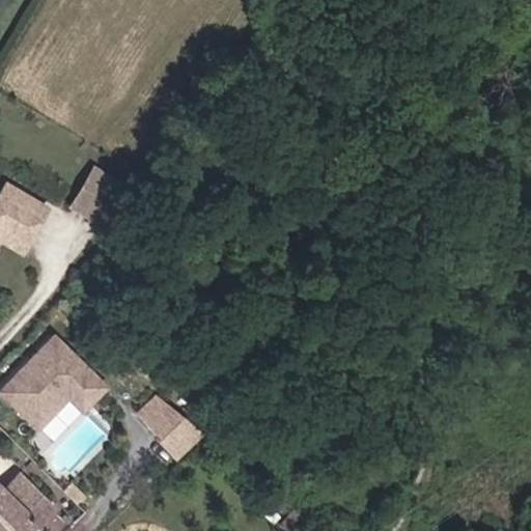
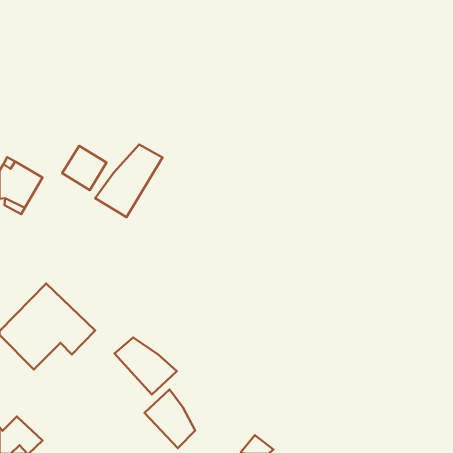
building: none -> [95,145,162,217]
building: none -> [144,390,195,448]

